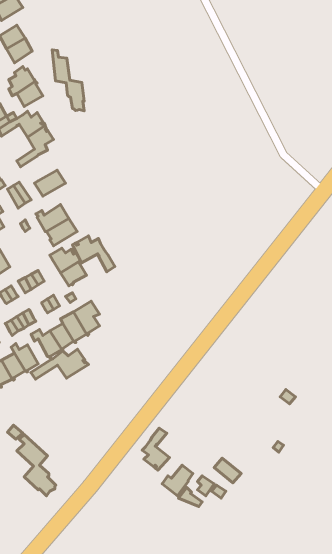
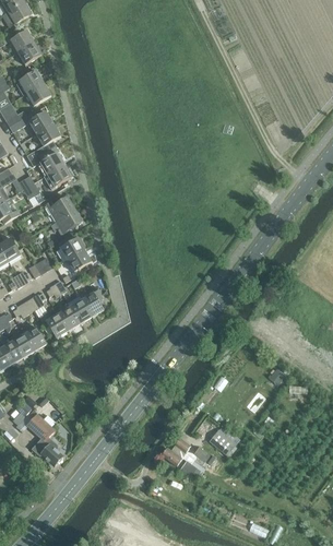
building: [52,50,84,111] -> none
building: none -> [29,145,63,174]
building: [72,236,115,272] -> none
building: [31,349,89,379] -> none
building: [142,428,169,470] -> none

